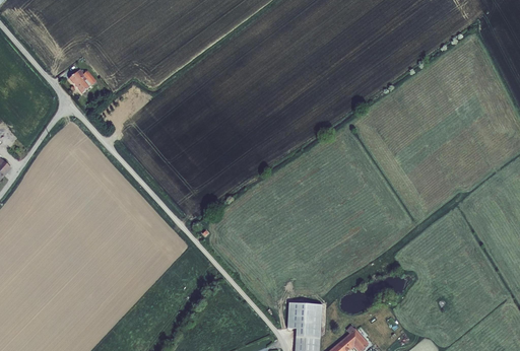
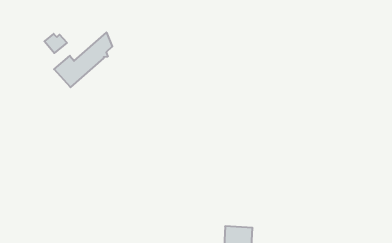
building: none -> [54,32,112,87]

